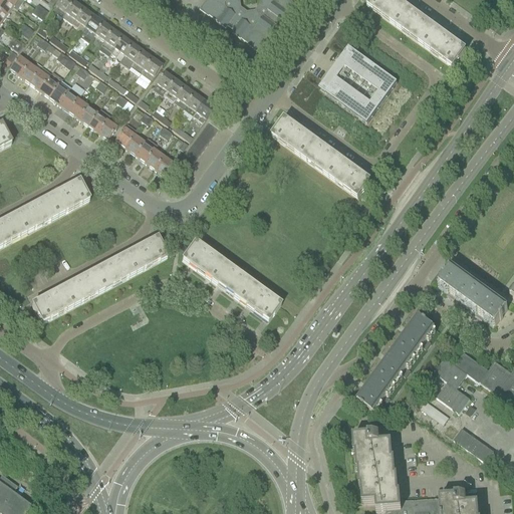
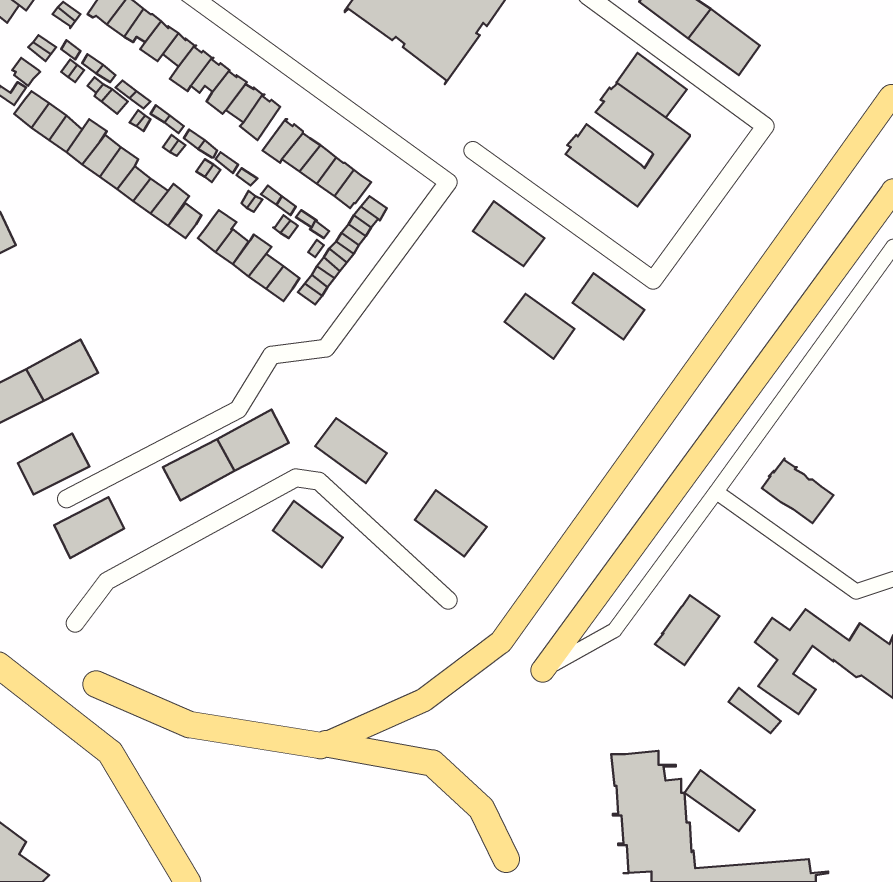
building: [424,26,464,63] -> [617,53,687,117]
building: [300,137,340,174] -> [505,294,575,359]
building: [46,179,87,214] -> none
building: [210,260,250,298] -> [273,501,343,567]
building: [62,268,103,303] -> [18,433,90,495]
building: [466,284,506,321] -> none
building: [396,313,433,353] -> none
building: [354,369,393,410] -> none
building: [452,424,492,459] -> [685,770,755,831]

